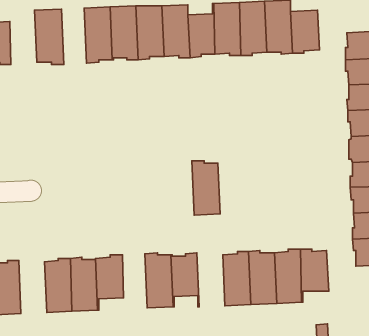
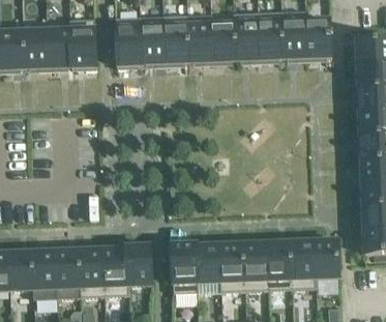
building: none -> [47,20,71,69]
building: [192,161,220,215] -> [218,242,244,292]
building: none -> [55,248,81,298]

